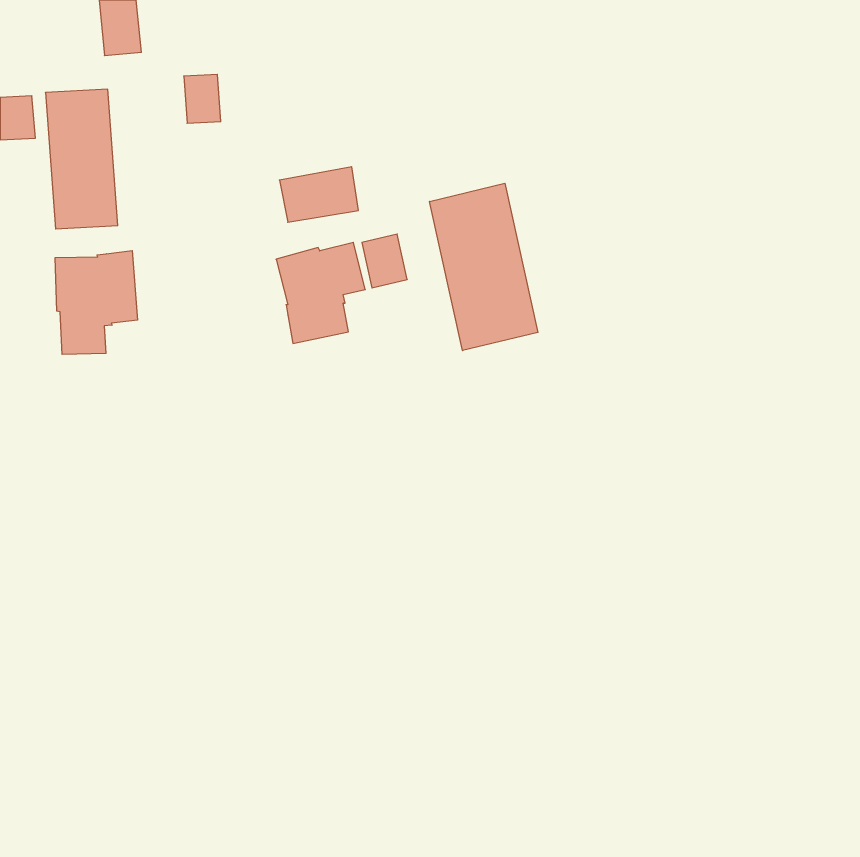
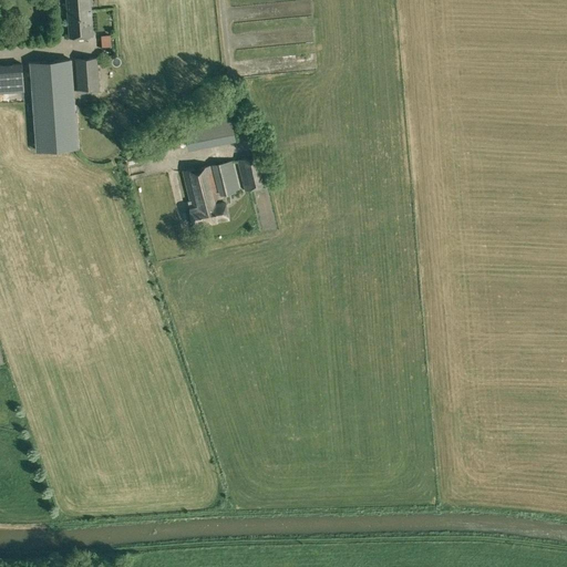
building: [184,74,221,123] -> [75,59,100,91]
building: [430,183,538,351] -> none
building: [55,251,137,354] -> none

